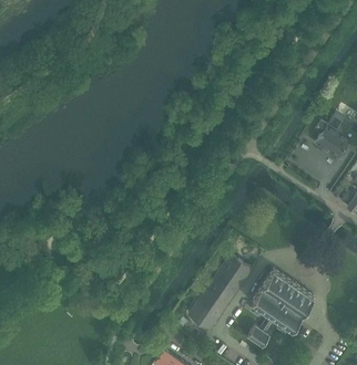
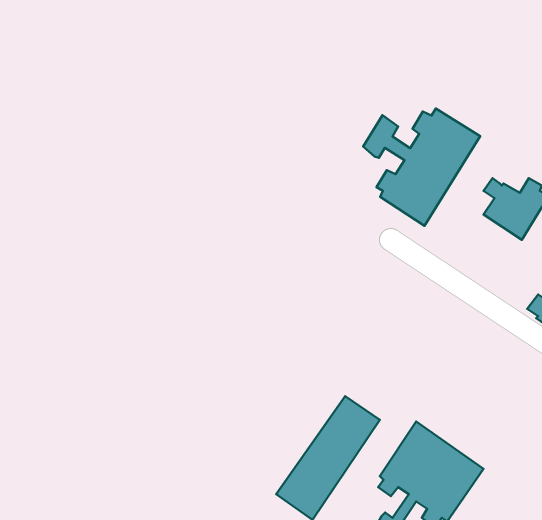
building: none -> [363,109,480,226]

